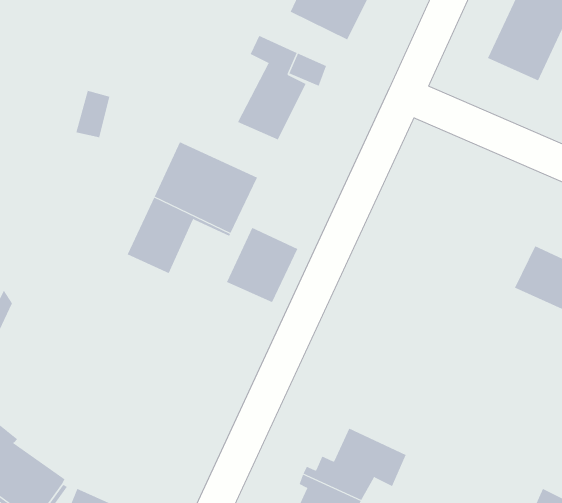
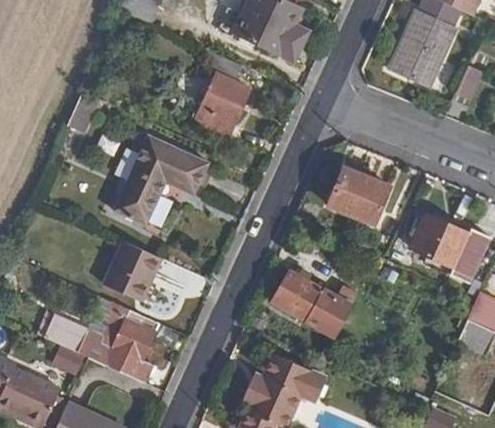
building: none -> [328,166,389,223]
building: [226,227,298,303] -> [105,240,161,299]
building: none -> [272,270,364,345]
building: none -> [47,301,159,381]

